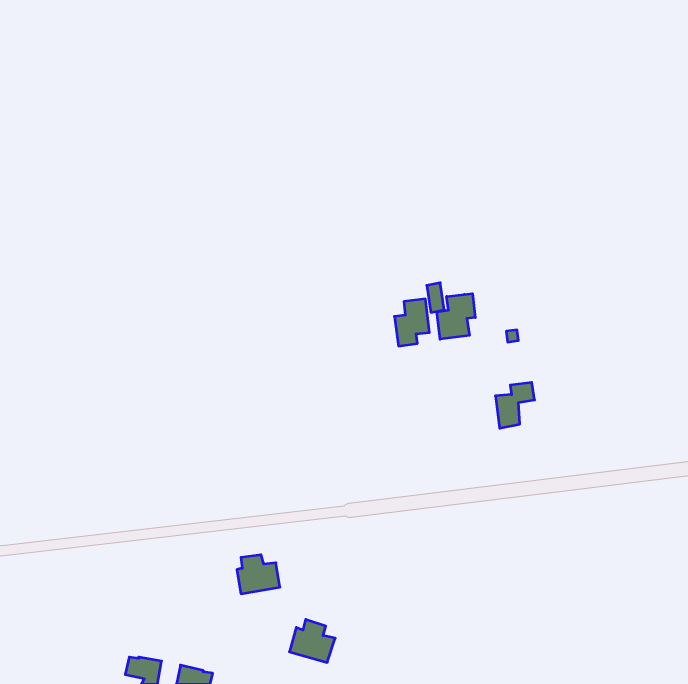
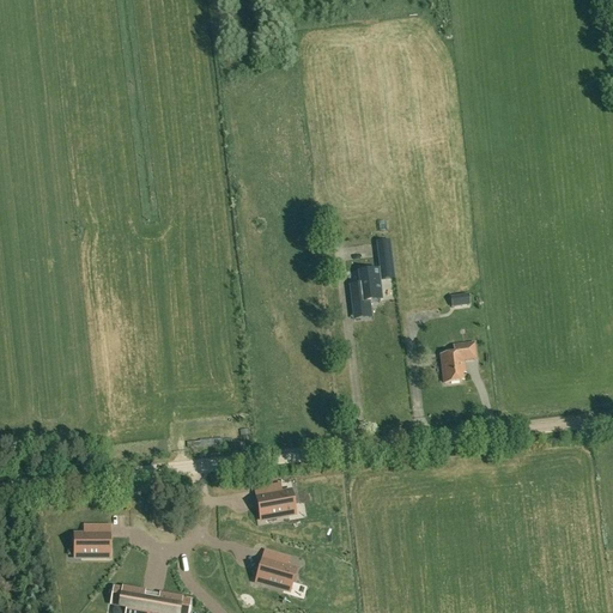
building: [437,294,475,339] -> none
building: [237,555,280,594] -> [256,482,295,517]
building: none -> [75,523,111,554]

